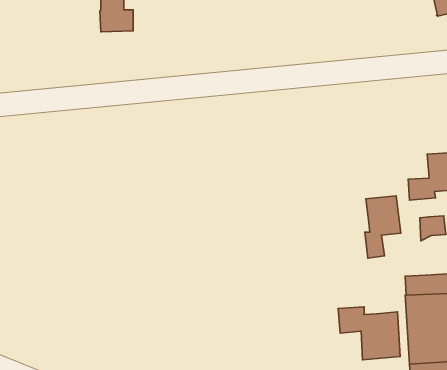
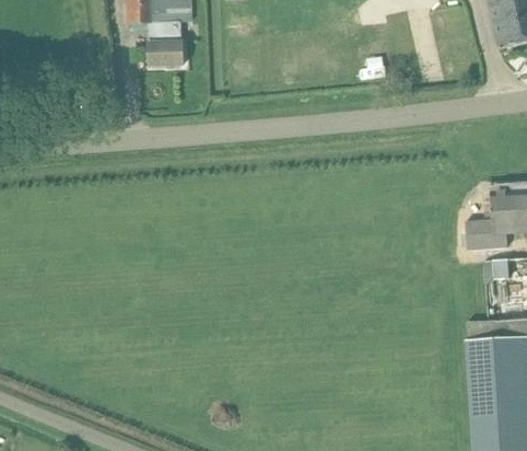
building: [365,196,401,258] -> none
building: [338,307,400,360] -> none

